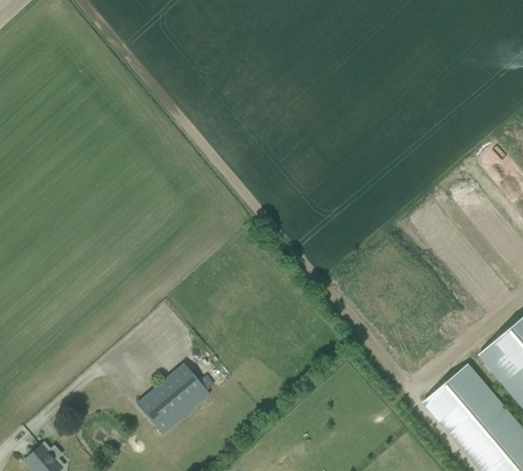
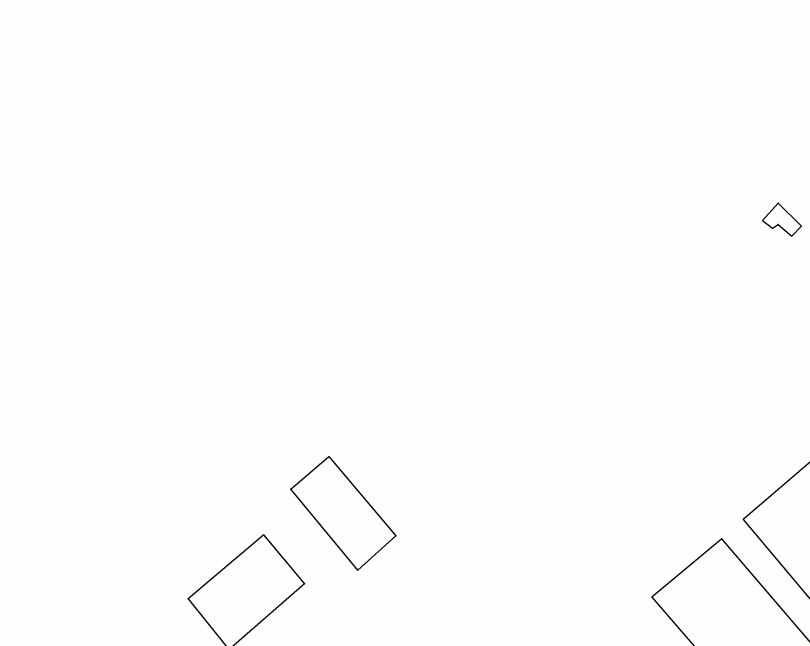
building: none -> [291,457,396,570]

